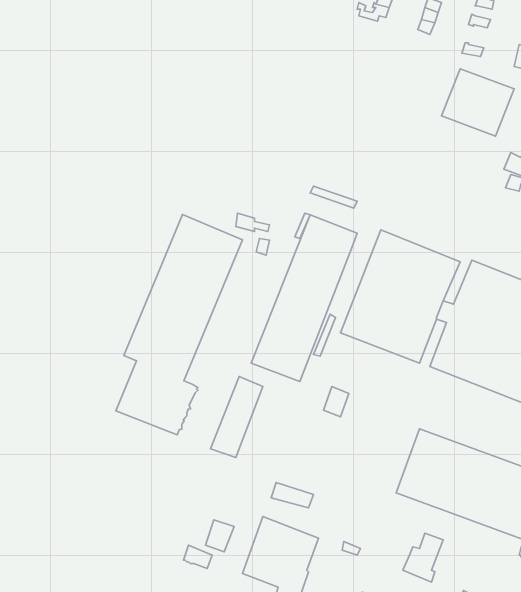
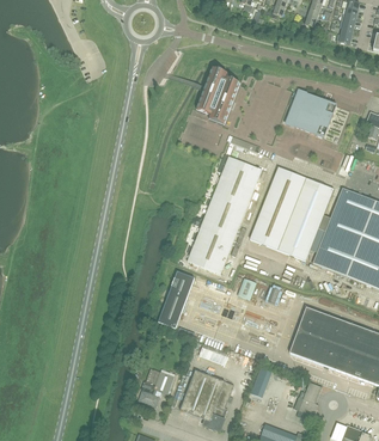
building: [442,69,514,136] -> [286,90,337,137]
building: none -> [197,68,240,124]
building: [116,215,243,435] -> none

